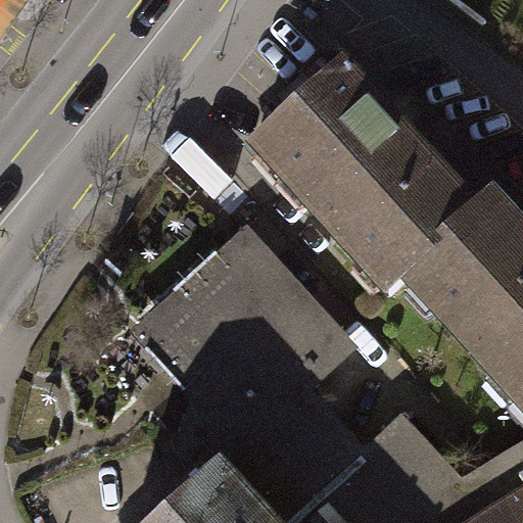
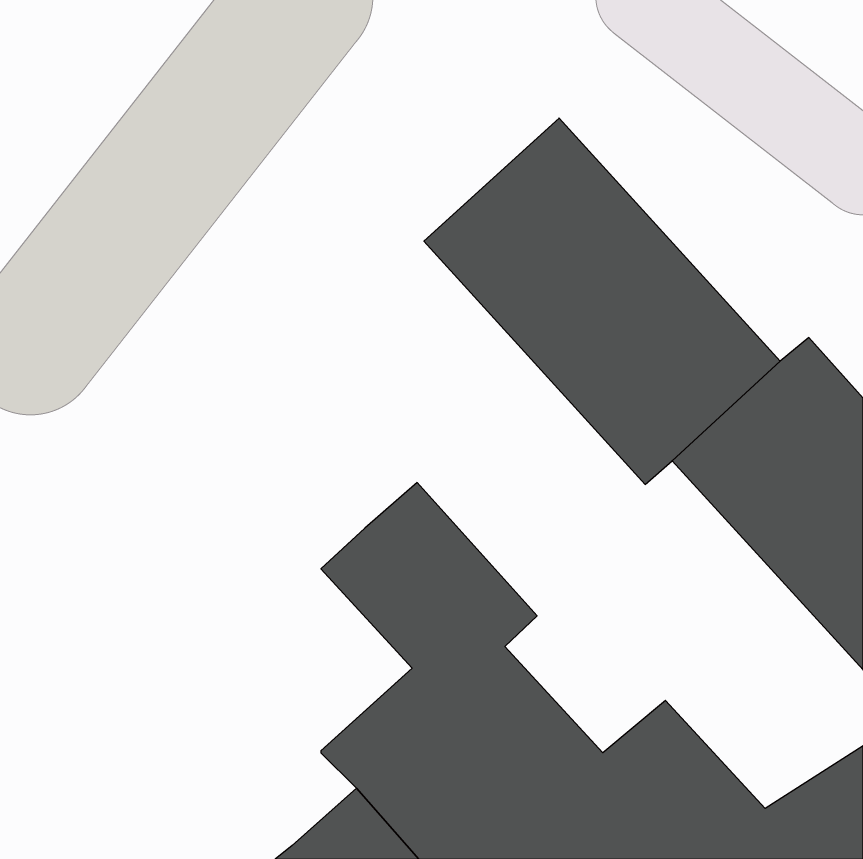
building: [129,227,355,462] -> none

